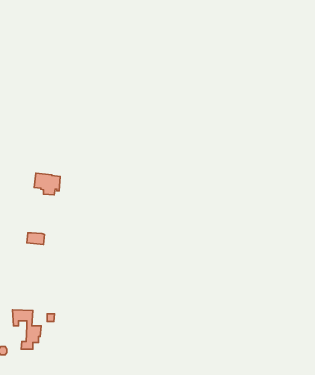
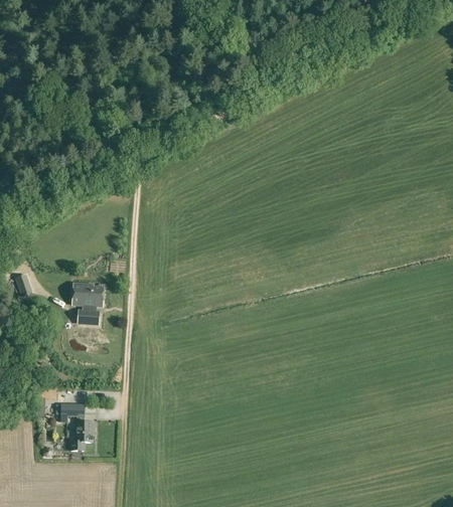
building: [34,173,60,195] -> [71,285,103,311]

